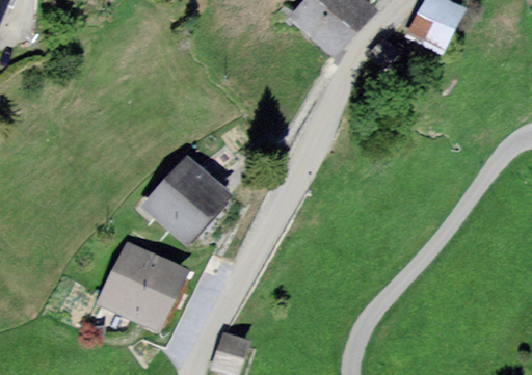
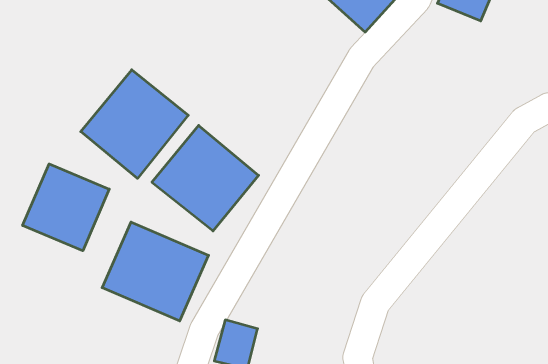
building: none -> [81,70,188,178]
building: none -> [23,164,109,251]

